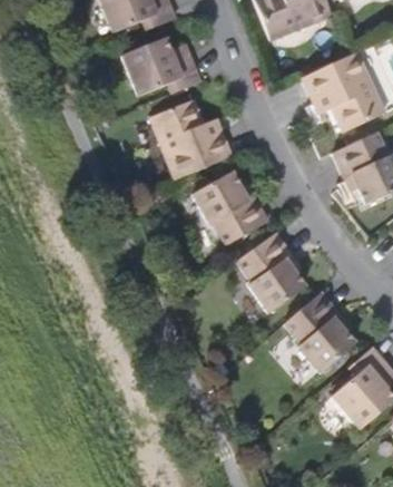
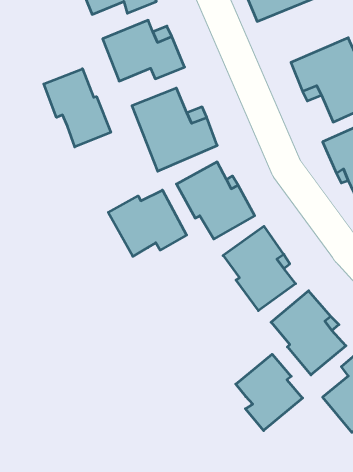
building: none -> [44,69,111,147]
building: none -> [108,190,187,256]
building: none -> [236,354,303,431]

